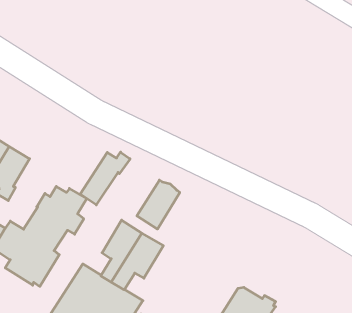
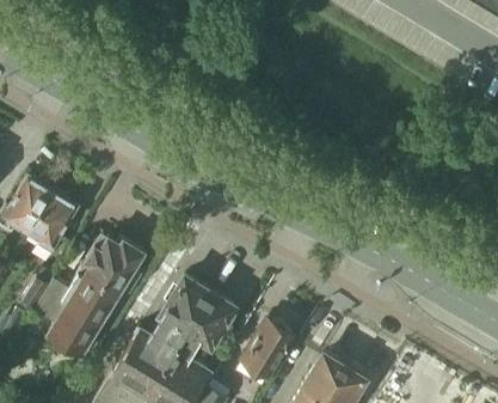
building: [80,152,130,205] -> none
building: [137,180,180,229] -> [244,319,294,377]

